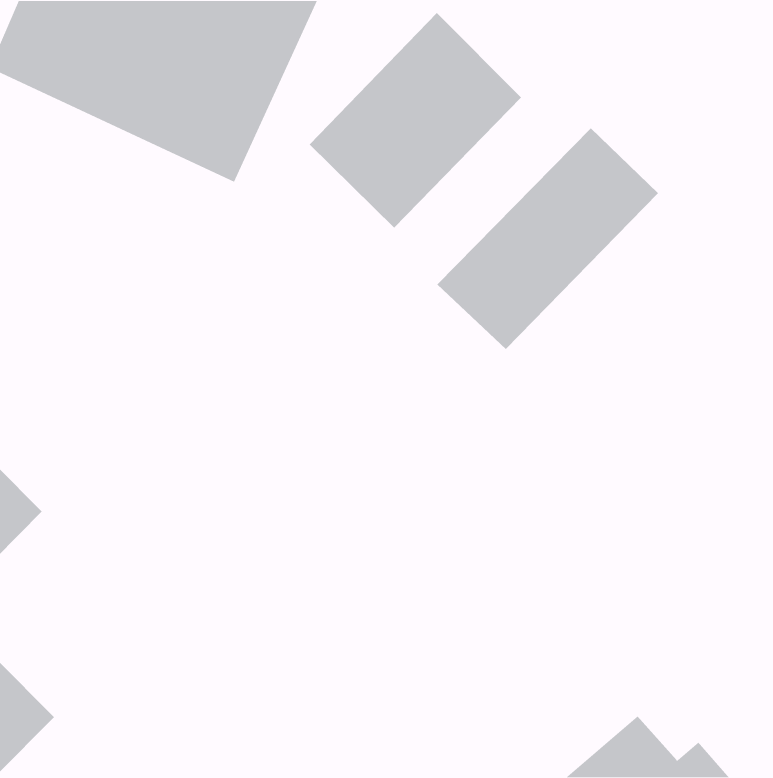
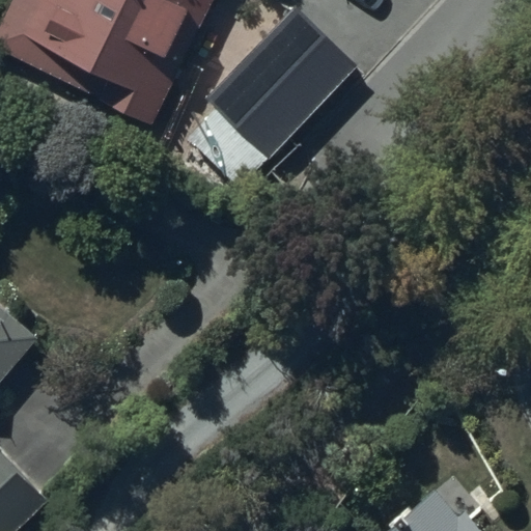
building: [436,127,659,350] -> none

